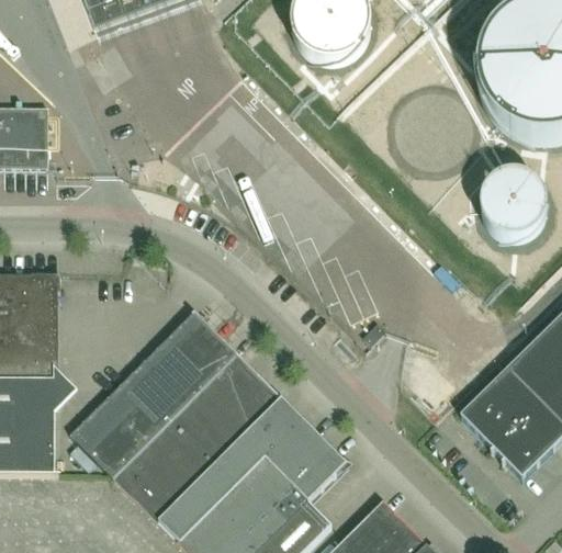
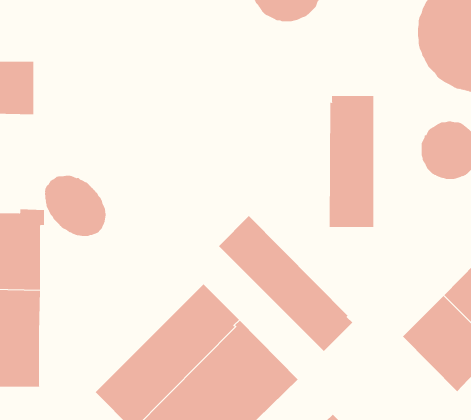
building: none -> [329,95,374,228]
building: none -> [45,175,106,237]
building: none -> [218,215,353,352]
building: [71,313,237,477] -> none

